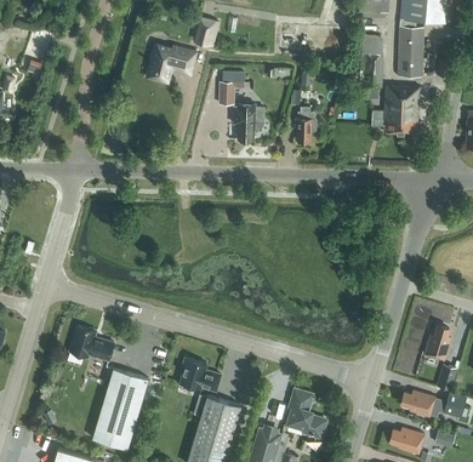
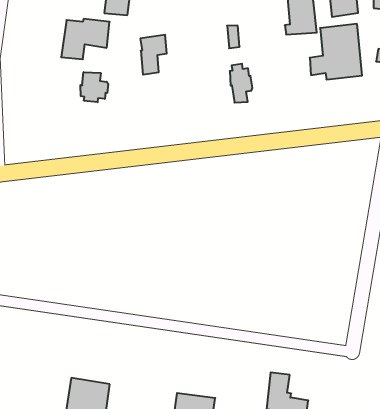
building: none -> [80,72,108,102]
building: [232,102,263,139] -> none
building: [68,325,113,360] -> none
building: [179,358,221,392] -> none

